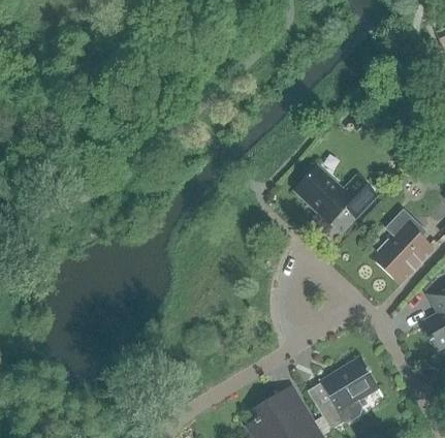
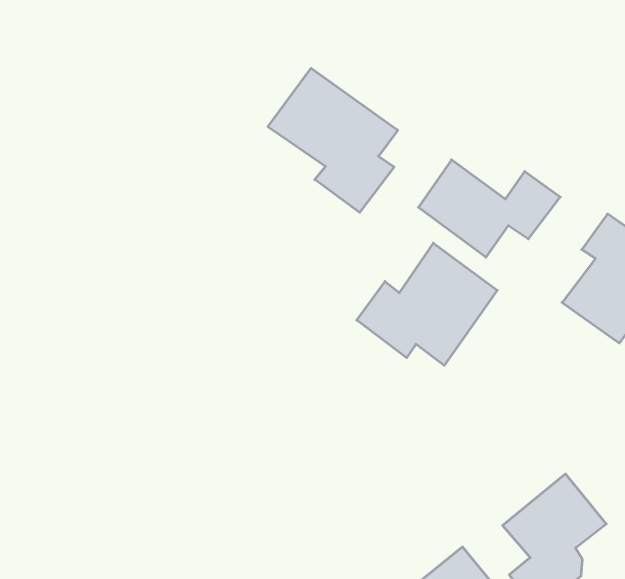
building: none -> [268,68,398,212]
building: none -> [357,243,497,365]

